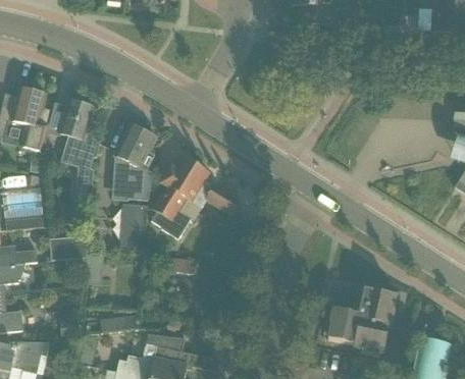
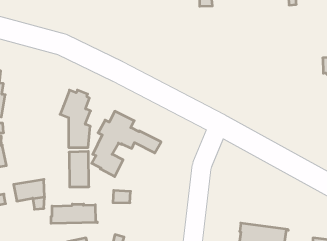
building: [57,99,100,193] -> none
building: none -> [51,204,97,223]
building: [331,286,396,324] -> none

